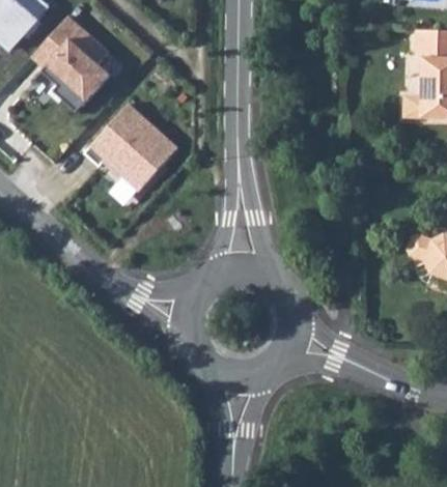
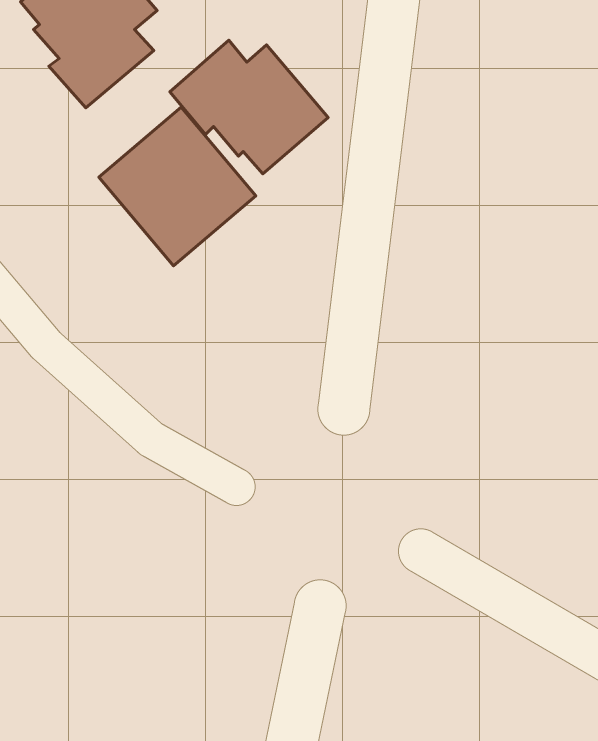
building: none -> [170,40,328,174]

